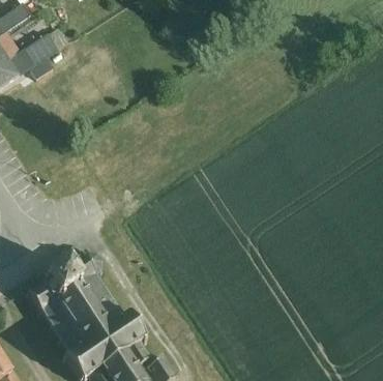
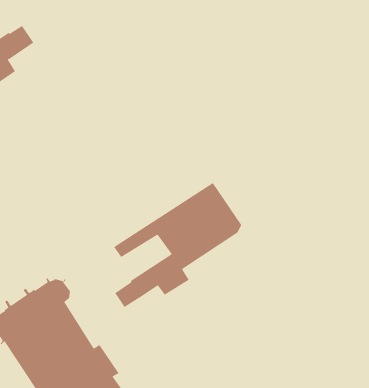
building: none -> [114,182,242,308]

